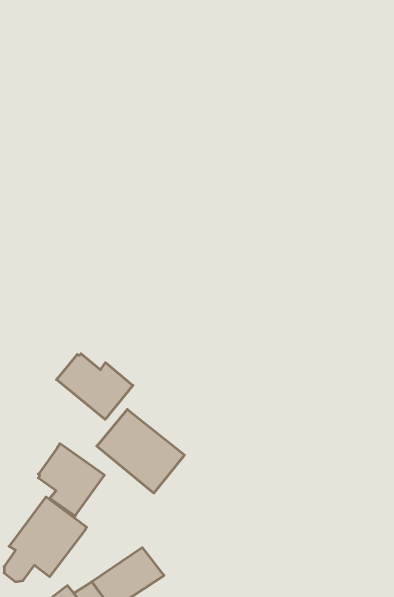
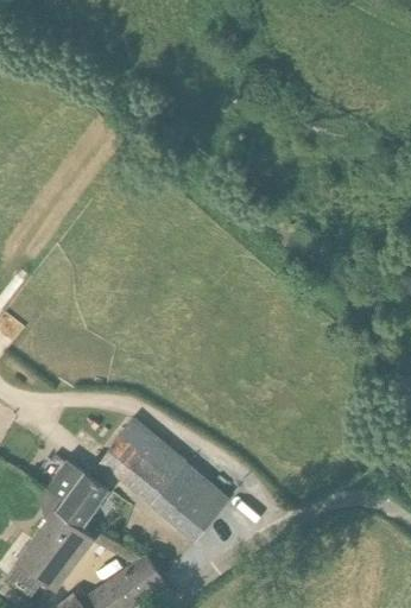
building: [56,354,133,419] -> none
building: none -> [156,469,227,539]

